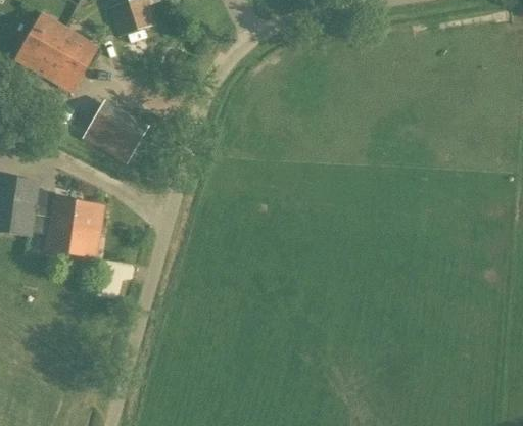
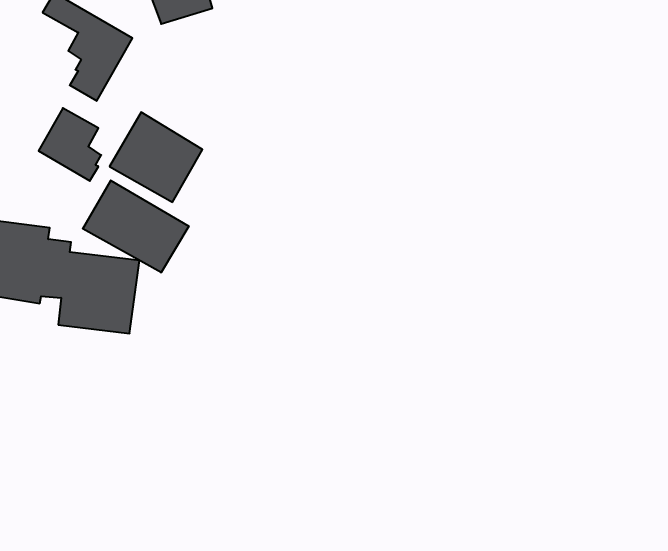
building: [16,27,61,79] -> [39,108,101,181]
building: none -> [83,180,189,273]

